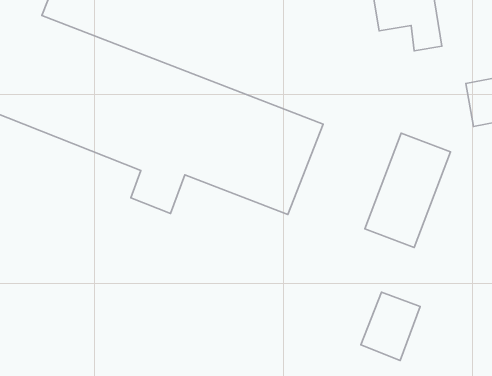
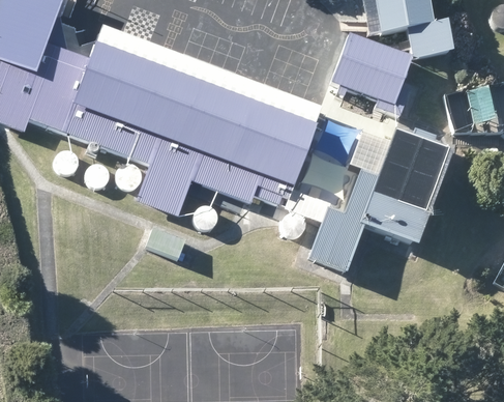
building: none -> [332,37,416,111]
building: [361,292,420,360] -> [302,205,358,269]

